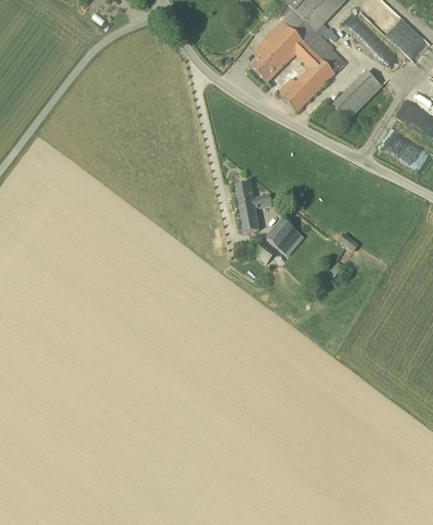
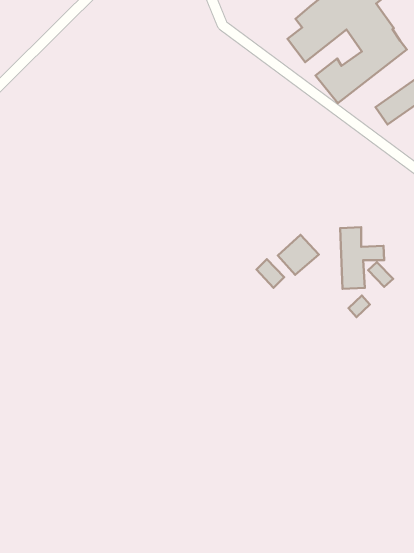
building: [234,181,272,232] -> [340,227,384,289]

